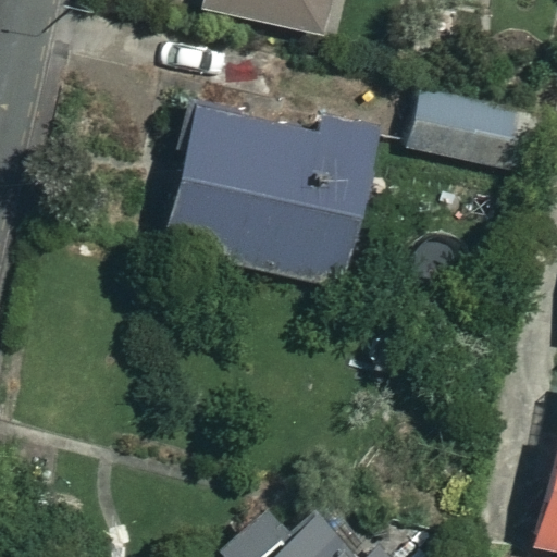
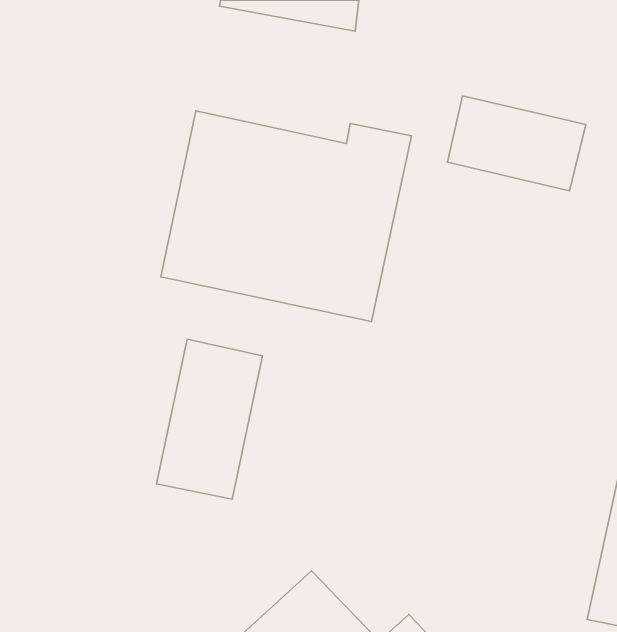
building: none -> [156,339,263,499]

